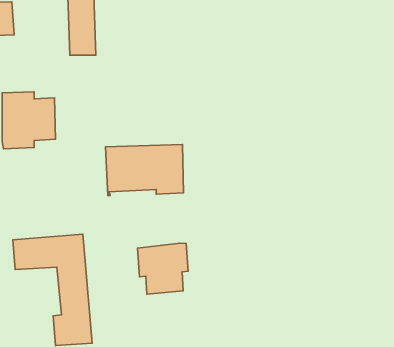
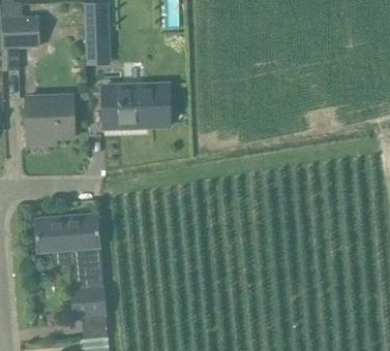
building: [105,144,184,195] -> [101,84,170,128]
building: [137,243,188,294] -> none

